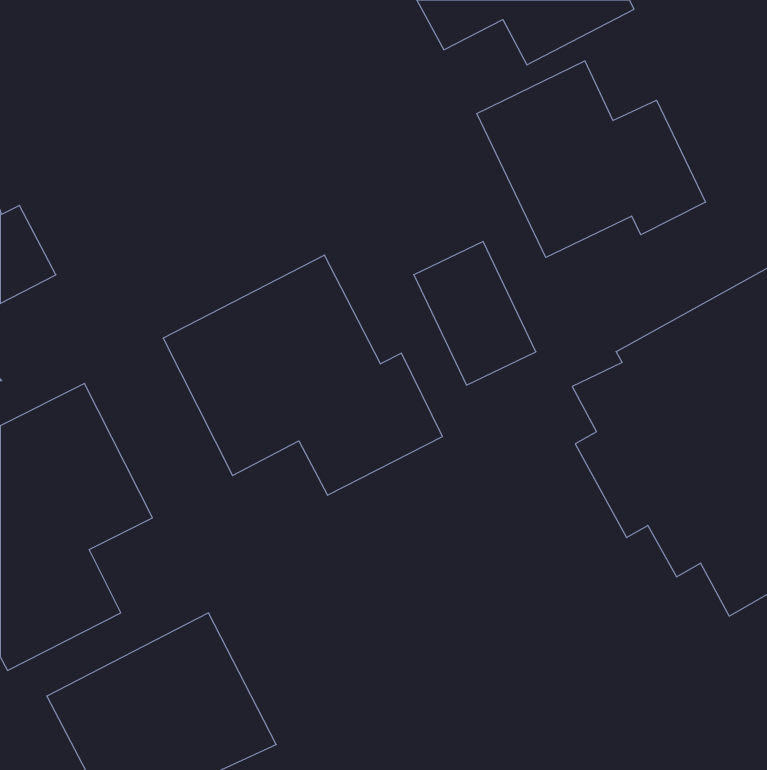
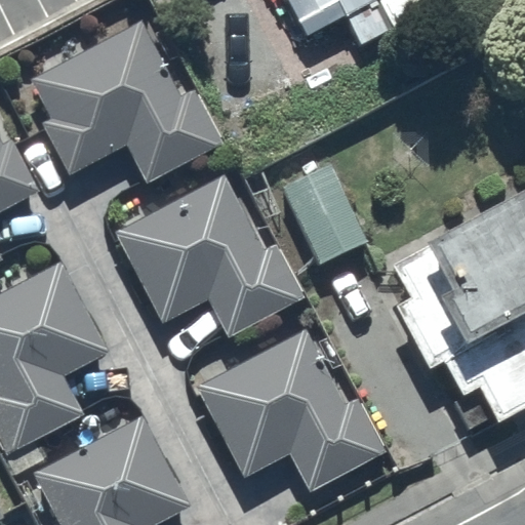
building: none -> [30,22,223,183]
building: [477,61,705,257] -> none
building: none -> [196,328,388,492]

